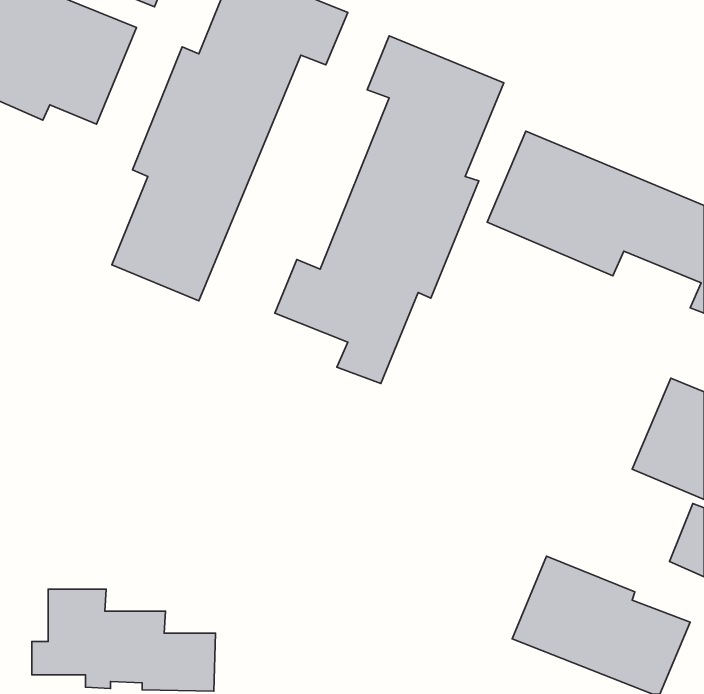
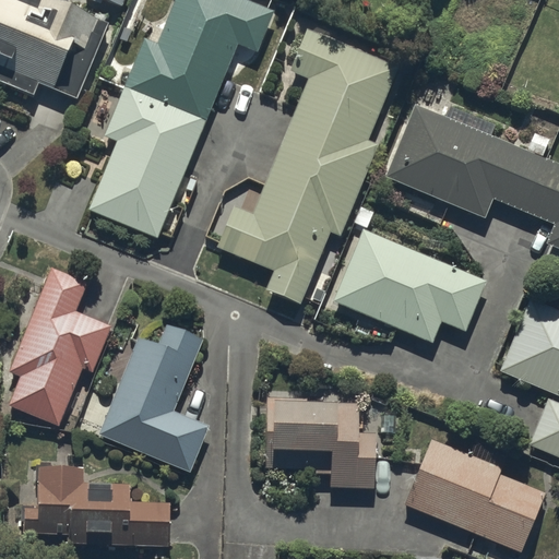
building: none -> [333,229,487,342]
building: none -> [9,266,111,425]
building: none -> [98,324,210,472]
building: none -> [266,396,376,488]

